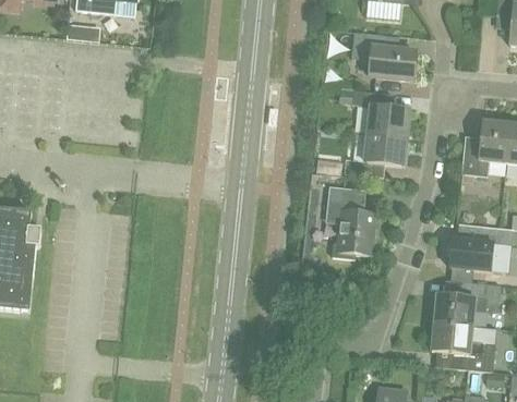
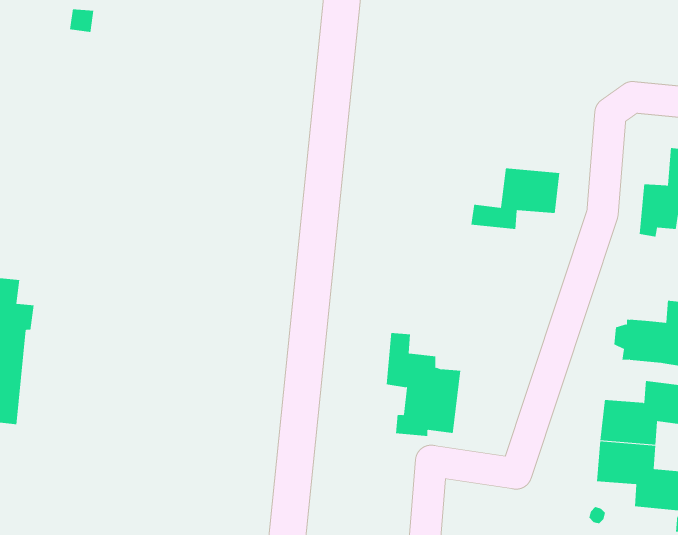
building: [351,31,416,80] -> none
building: [351,88,409,136] -> none
building: [325,185,377,257] -> [386,333,461,437]

